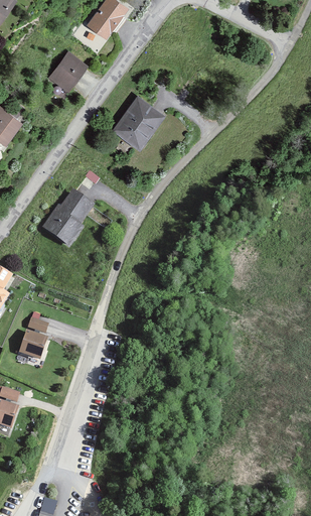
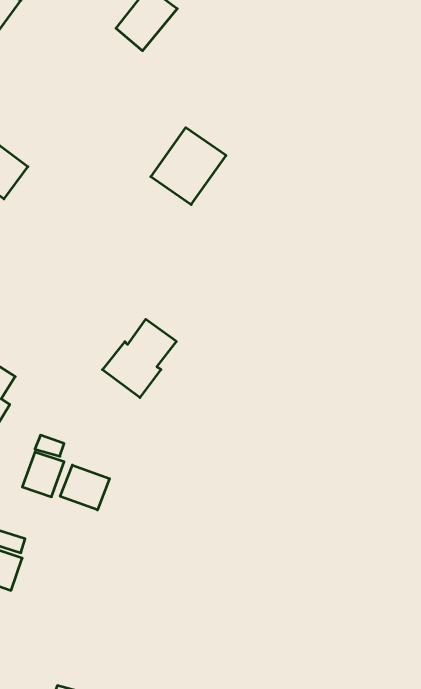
building: [45,50,88,93] -> none
building: [41,190,95,247] -> [102,319,176,398]
building: none -> [60,465,110,510]

